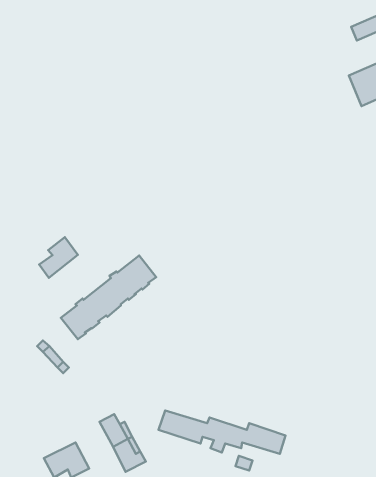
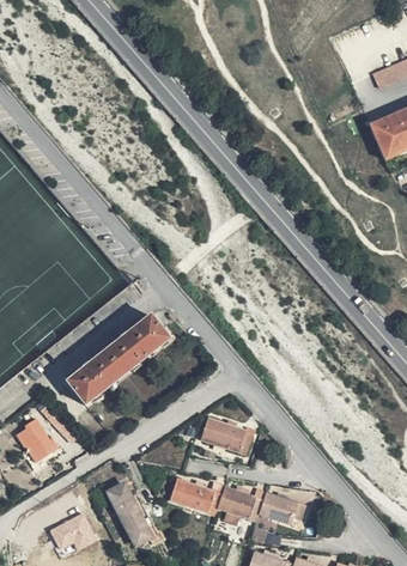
building: [39,237,78,278] -> none
building: none -> [16,416,59,461]
building: none -> [202,418,254,452]

